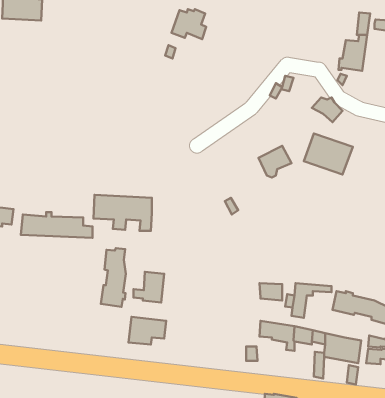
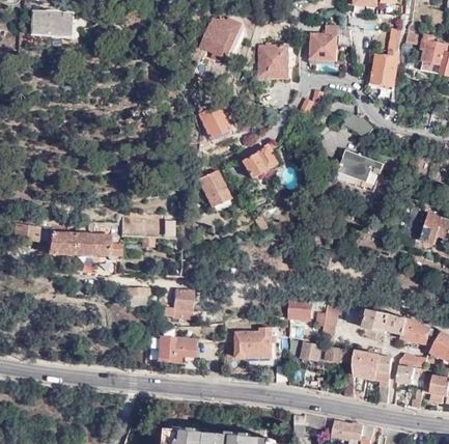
building: none -> [309,25,353,60]
building: none -> [258,46,288,77]
building: none -> [194,103,228,139]
building: [259,146,291,177] -> [241,147,274,179]
building: none -> [198,170,229,207]
building: [101,248,126,307] -> none
building: none -> [235,329,274,358]

